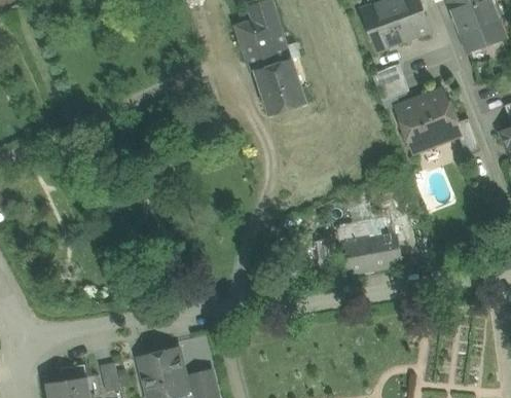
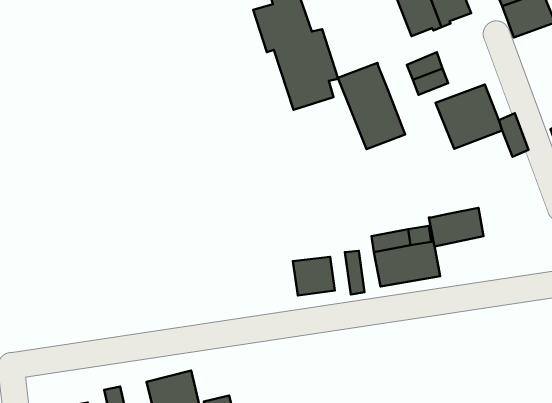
building: none -> [338,63,405,149]
building: none -> [429,208,484,246]
building: none -> [293,257,335,295]

